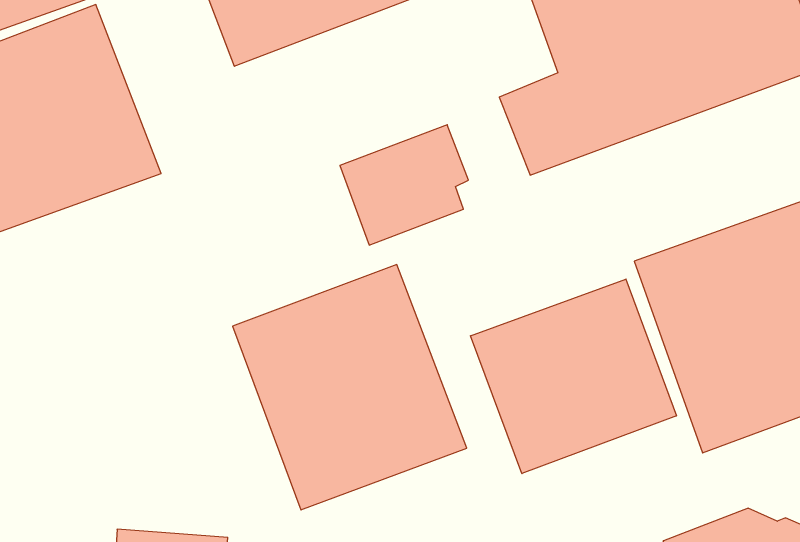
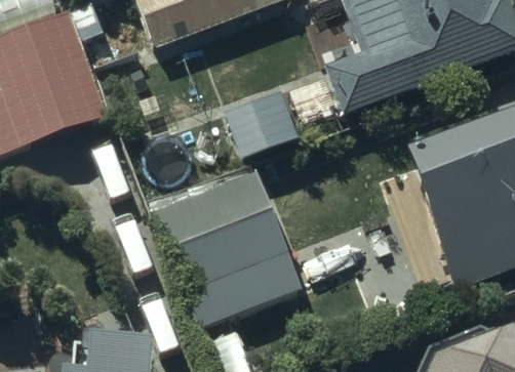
building: [470,279,676,474] -> none

